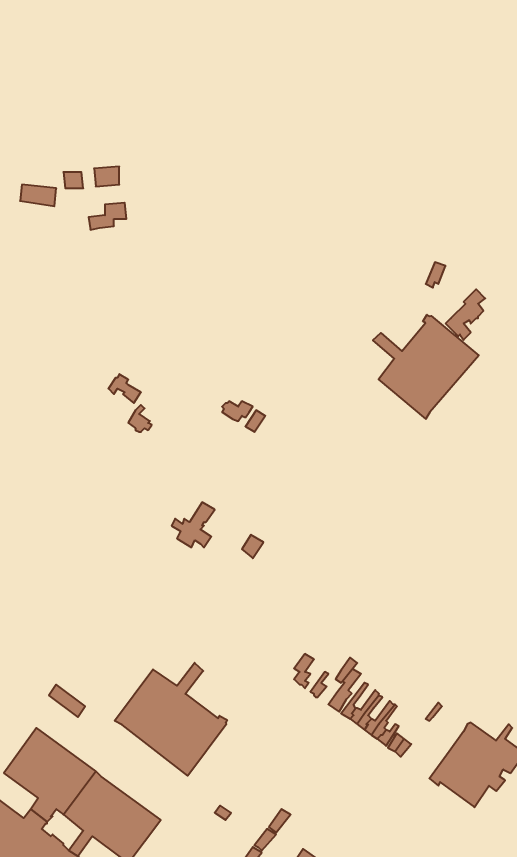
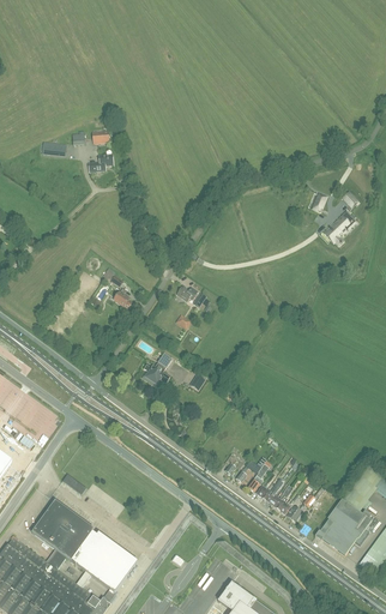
building: [373,315,479,419] -> none
building: [115,663,227,776] -> none

